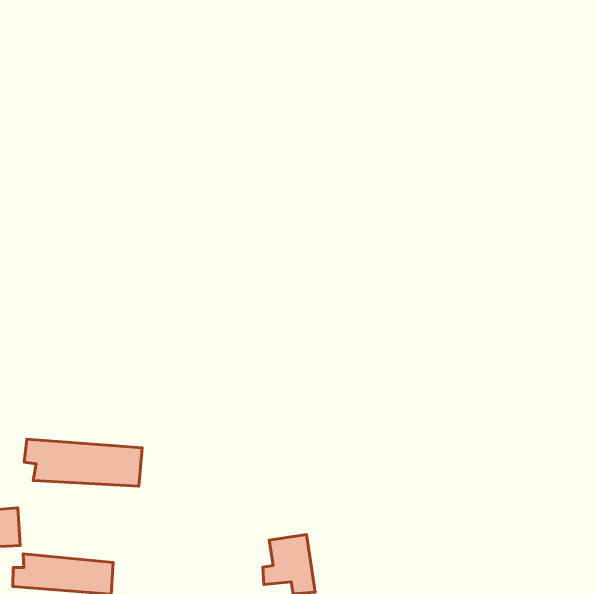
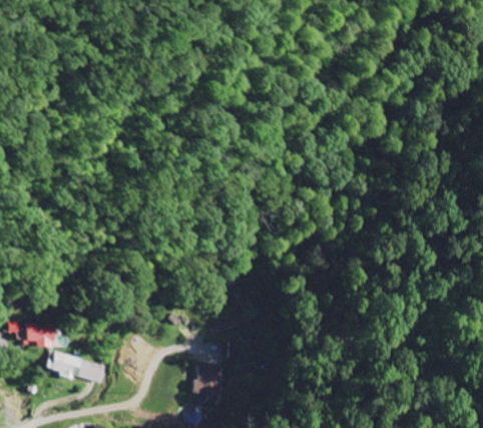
building: [24,439,142,486] -> none

